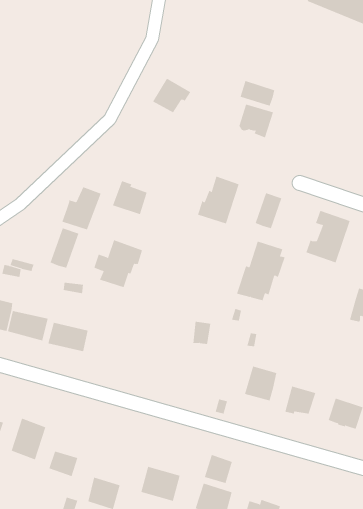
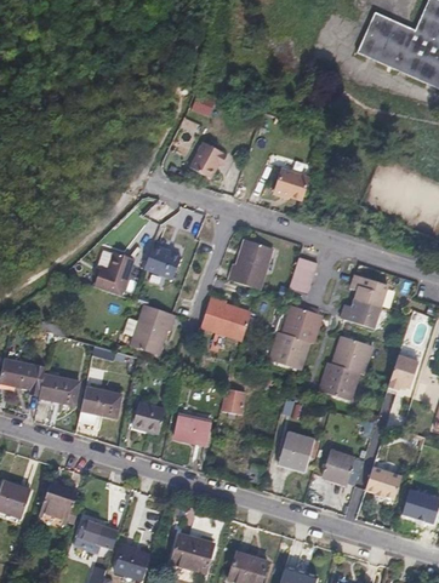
building: [240,80,275,107] -> none
building: [50,227,79,269] -> none
building: none -> [204,293,253,337]
building: none -> [324,333,374,398]
building: none -> [131,404,164,433]
building: none -> [173,416,209,444]
building: [204,454,233,484] -> none

